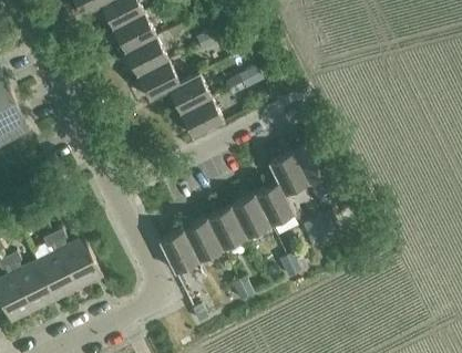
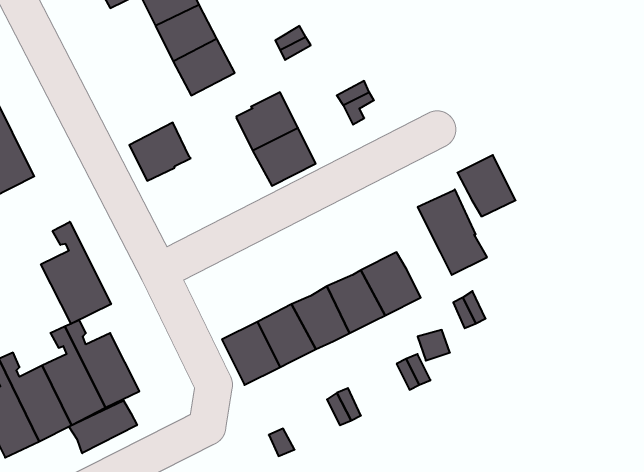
building: [137,60,179,100] -> [129,123,191,181]
building: [268,152,308,194] -> [457,155,516,216]
building: none -> [41,222,111,324]
building: none -> [69,400,137,453]

